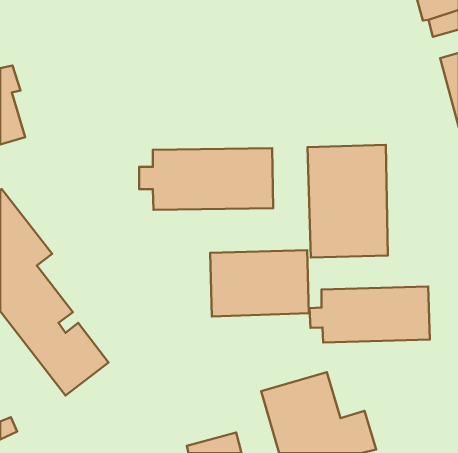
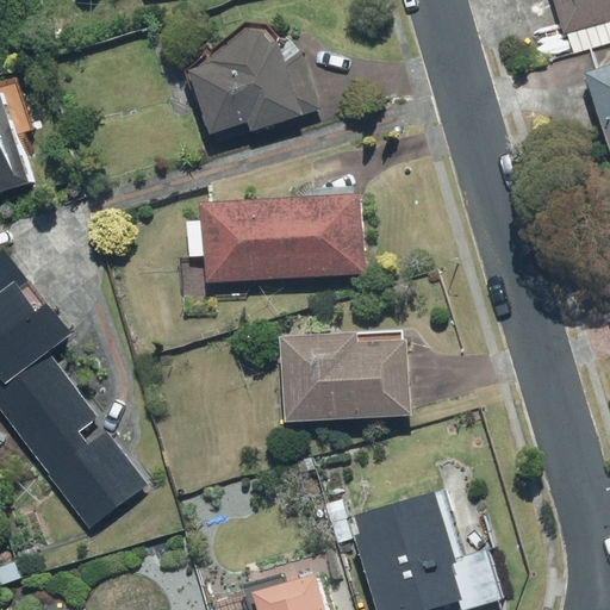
building: none -> [185,25,318,136]
building: [308,145,388,258] -> none
building: [310,286,430,342] -> none

